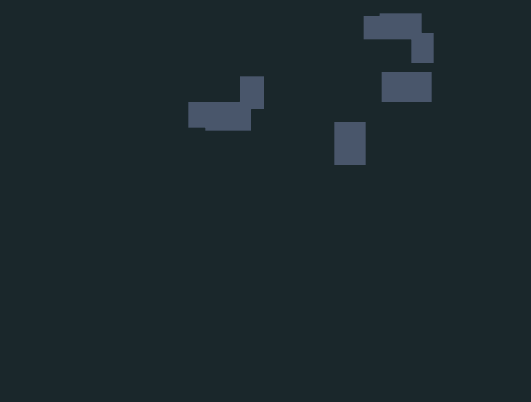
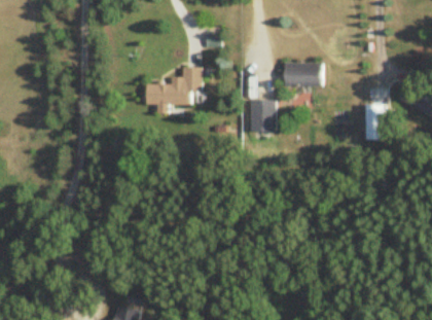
building: [363,12,434,64] -> none
building: none -> [367,102,385,139]

